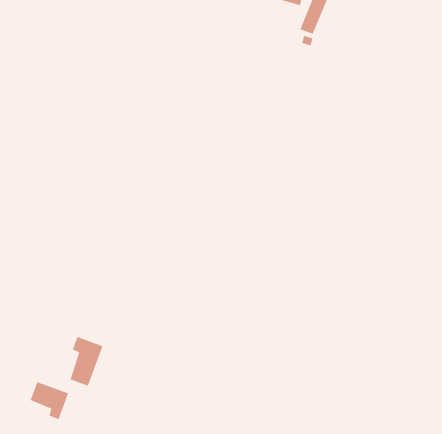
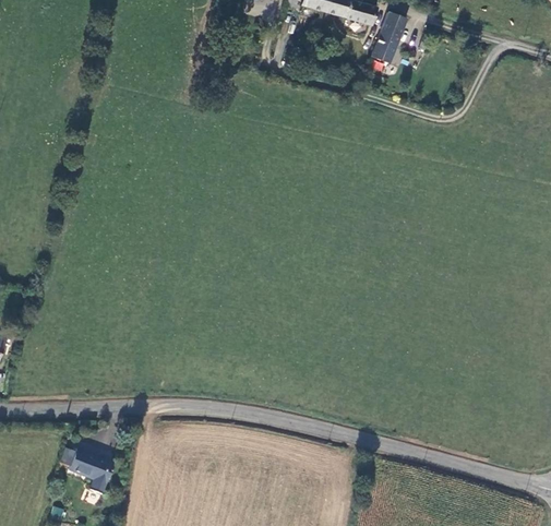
building: [70,336,103,386] -> none

